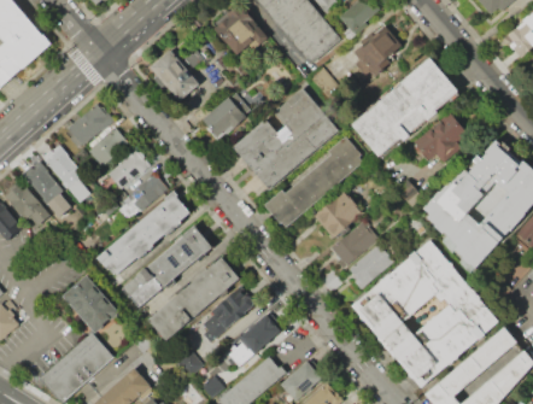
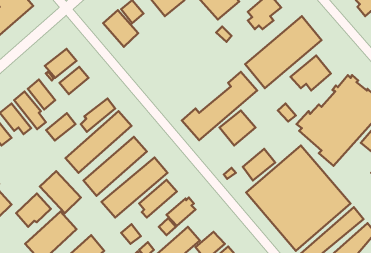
building: [201,88,263,136] -> none
building: [233,88,338,188] -> none
building: [107,150,148,188] -> [46,113,75,140]
building: [330,222,376,268] -> none
building: none -> [16,194,51,227]

